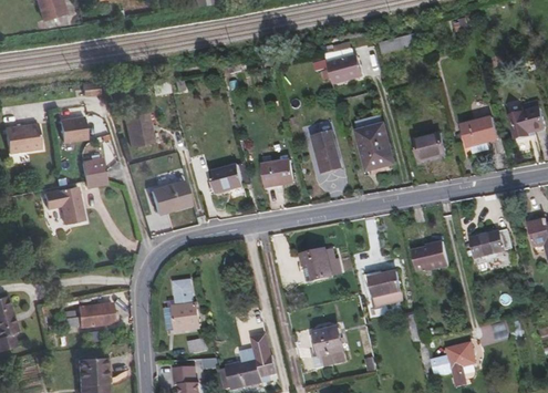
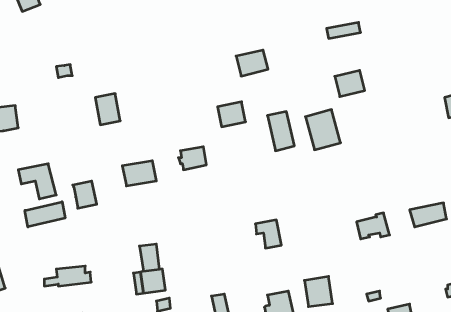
building: [325,55,361,84] -> [236,50,268,76]
building: [56,116,84,143] -> none
building: [458,117,495,148] -> none
building: [412,134,445,163] -> [335,70,365,97]
building: [76,157,103,187] -> [73,181,97,208]
building: [263,161,294,188] -> [218,102,246,127]
building: none -> [25,202,65,227]
building: [365,266,396,299] -> [304,276,333,307]

